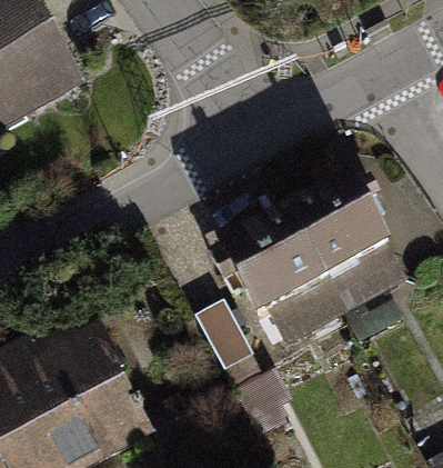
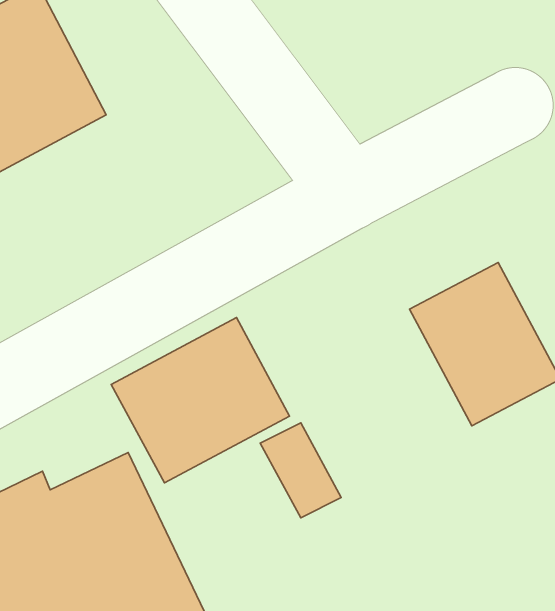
building: [225,225,342,346] -> none
building: none -> [111,318,290,483]

